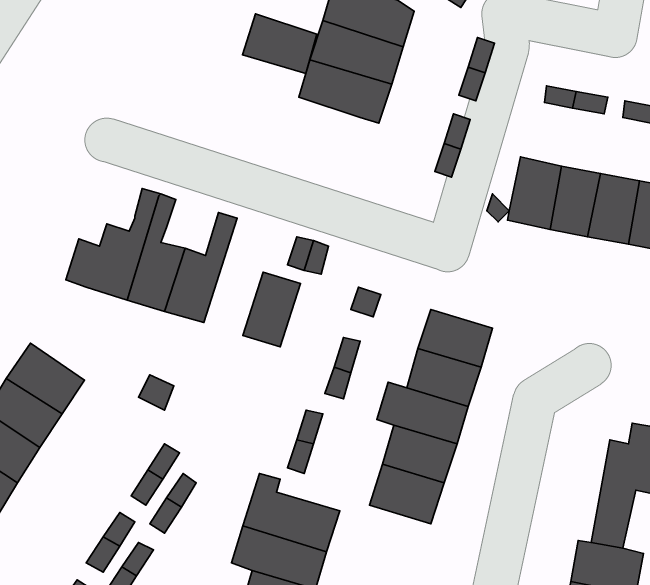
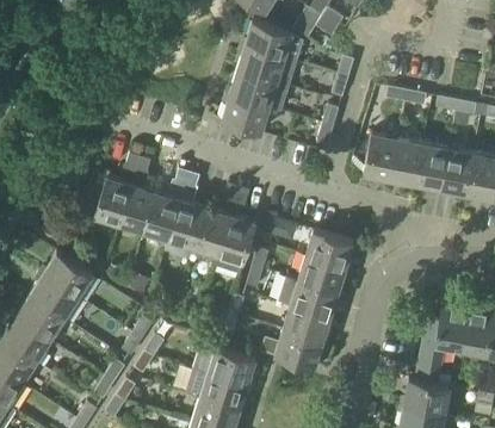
building: [242,14,317,73] -> [221,94,268,132]
building: none -> [165,172,206,258]
building: none -> [214,213,255,273]

